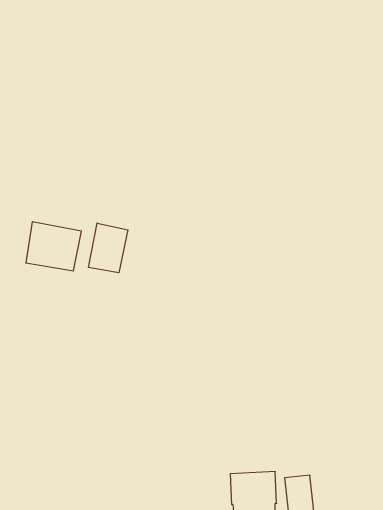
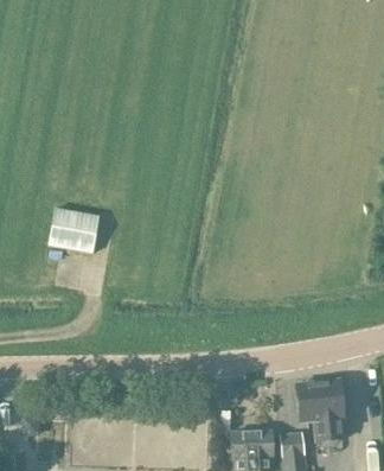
building: [89,223,128,273] -> none
building: none -> [296,381,343,441]

